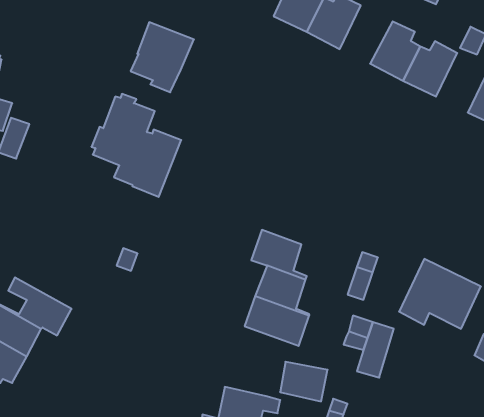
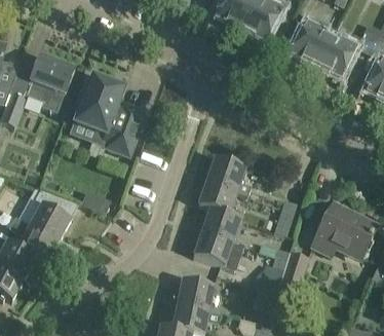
building: [131,22,194,92] -> [26,55,75,110]
building: none -> [206,156,252,195]
building: none -> [14,186,77,241]
building: [280,362,328,401] -> [178,278,215,309]

